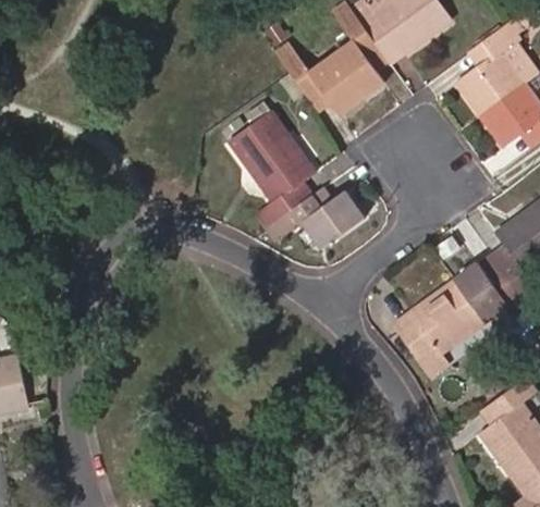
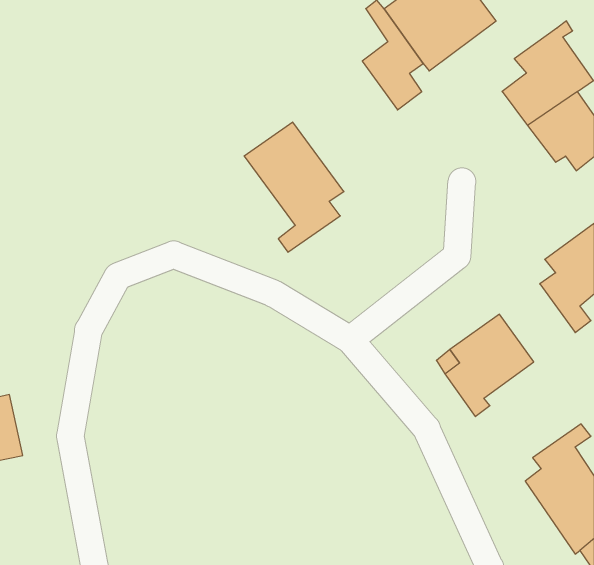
building: [277,44,363,114] -> none
building: [262,190,366,249] -> none
building: [454,255,527,324] -> none

